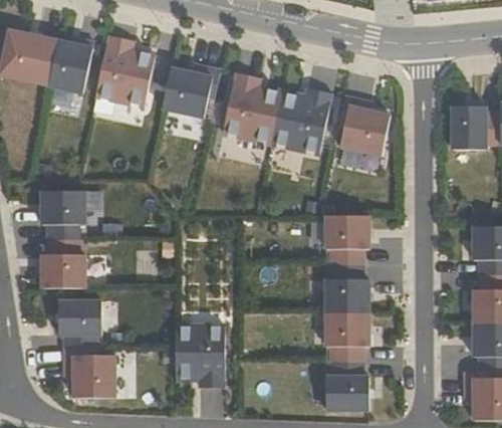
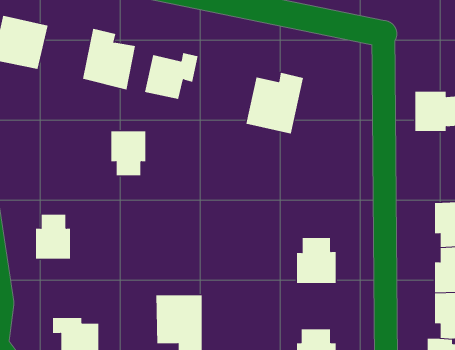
building: [48,35,94,93] -> none
building: [222,73,281,143] -> none
building: [338,97,390,157] -> none
building: [45,191,83,239] -> [110,131,146,176]
building: [324,216,367,264] -> none
building: [57,300,100,350] -> none
building: [324,313,367,362] -> none

